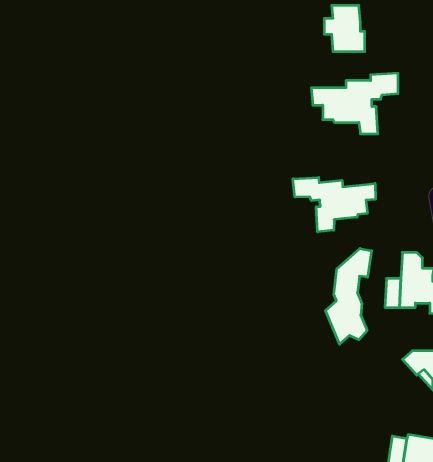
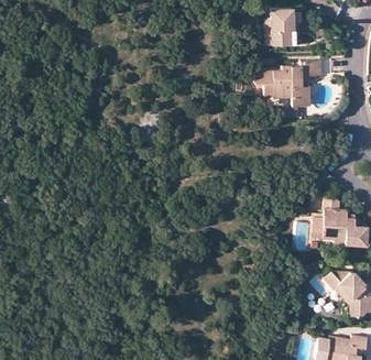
building: [293,177,375,232] -> none
building: [325,248,372,344] -> none

